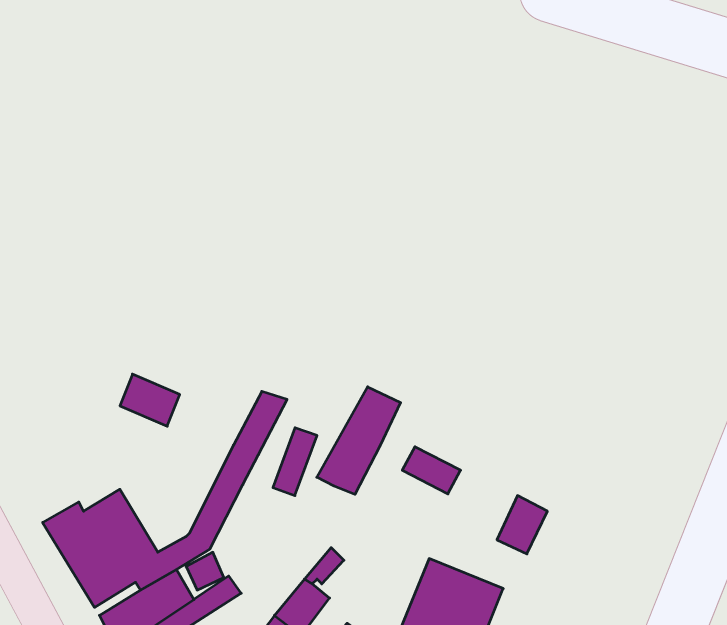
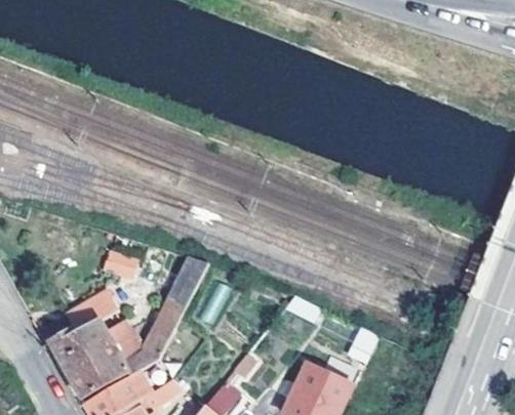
building: [317,387,401,494] -> none
building: none -> [71,289,143,362]

